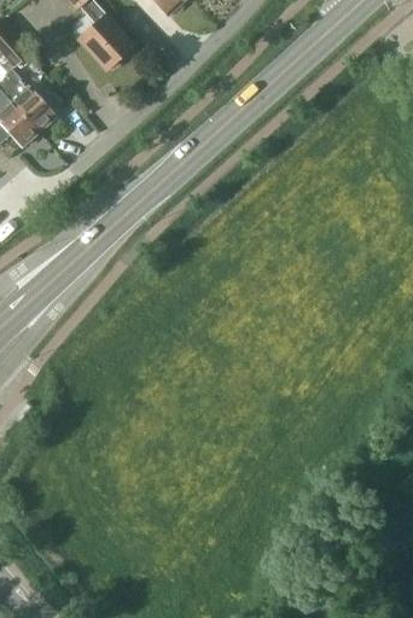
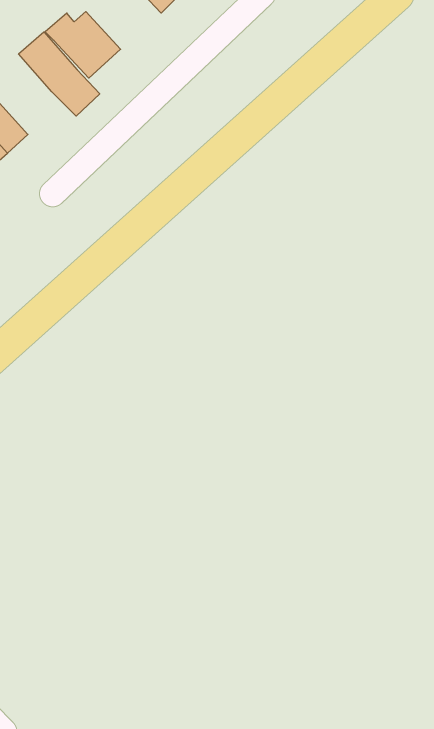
building: none -> [19,32,100,116]

